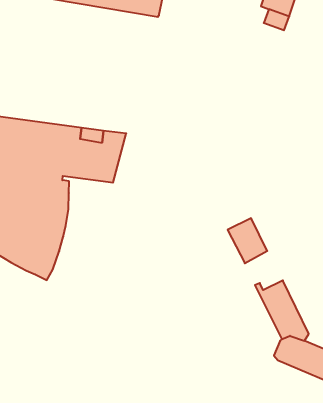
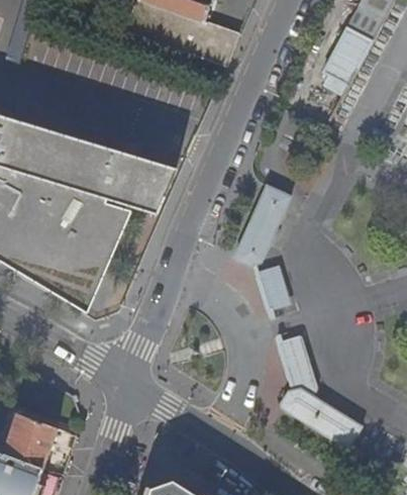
building: none -> [234,183,290,264]

